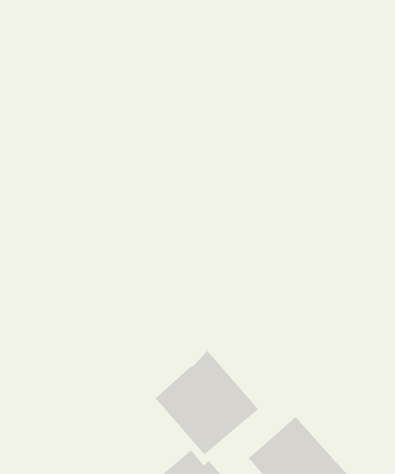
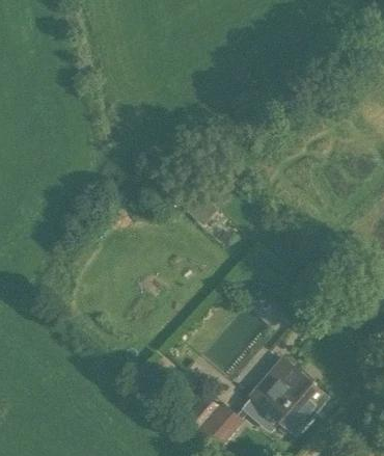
building: [154,350,259,455] -> none

